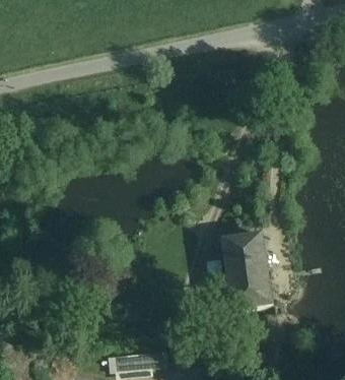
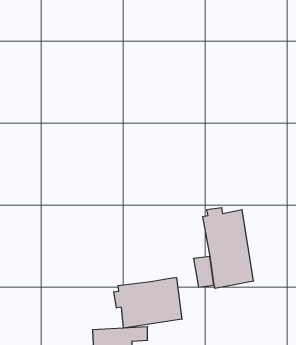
building: none -> [114,278,182,328]

